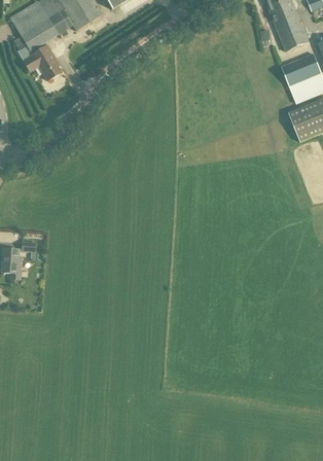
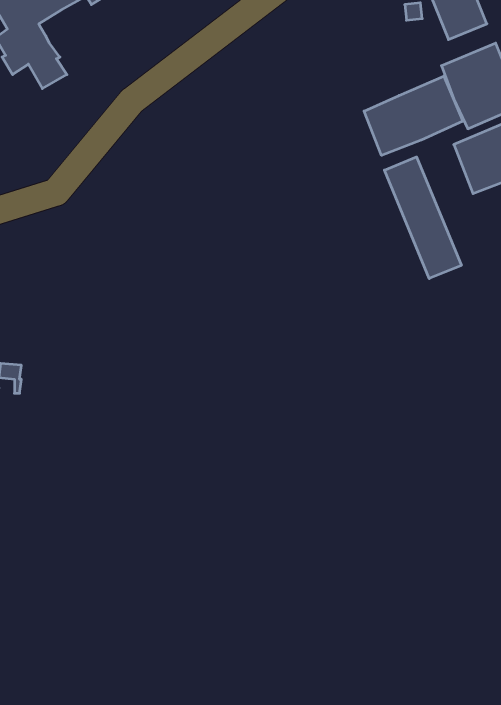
building: none -> [364,76,463,155]
building: none -> [384,157,461,279]

